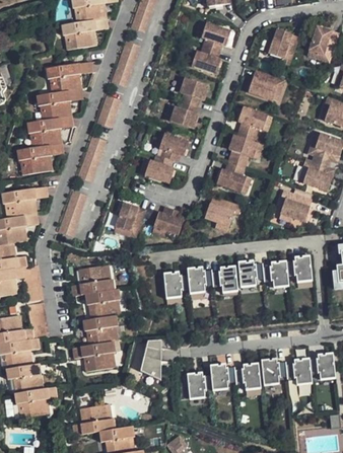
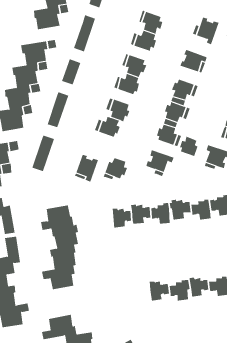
building: none -> [179,136,198,157]
building: [138,338,160,375] -> none
building: [188,371,213,397] -> none

